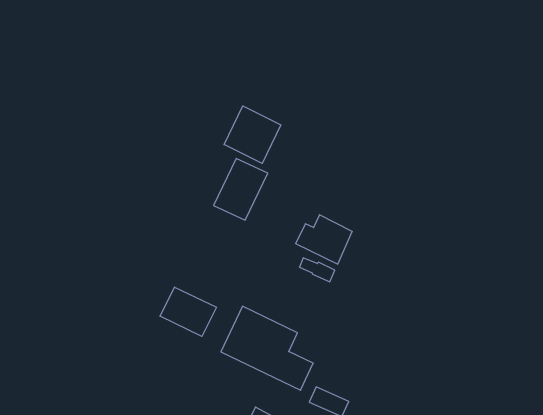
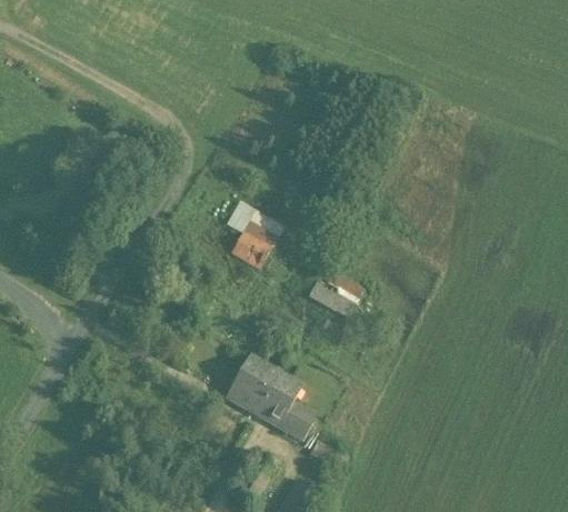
building: [224,106,281,163] -> none
building: [160,287,216,336] -> none

